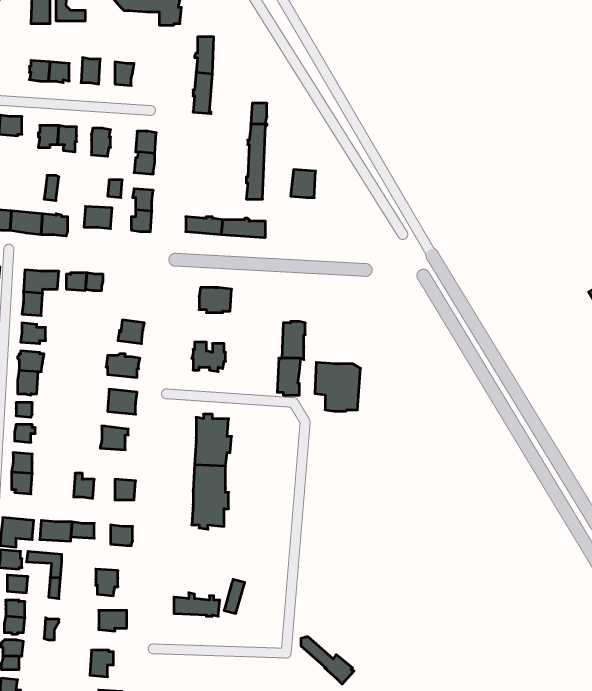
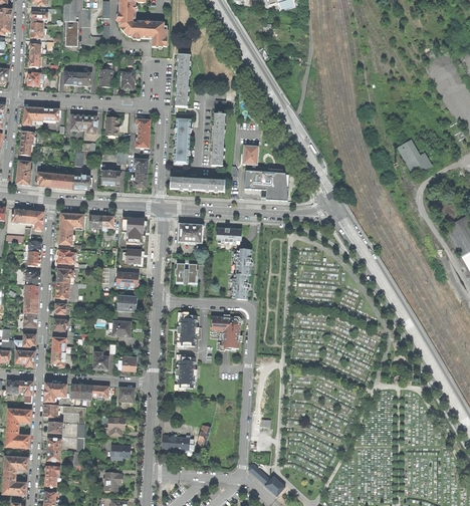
building: none -> [174,111,191,164]
building: none -> [400,139,428,172]
building: none -> [244,170,289,200]
building: none -> [121,216,144,242]
building: none -> [216,227,241,243]
building: [315,362,361,411] -> [210,315,241,348]

